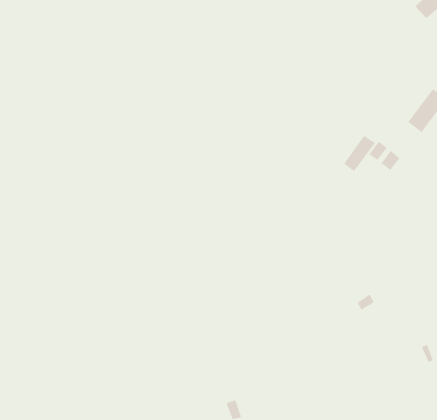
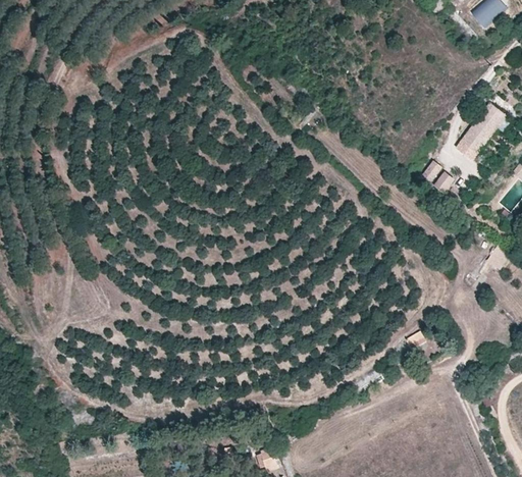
building: [343,135,376,172] -> none

